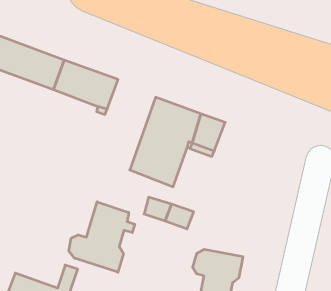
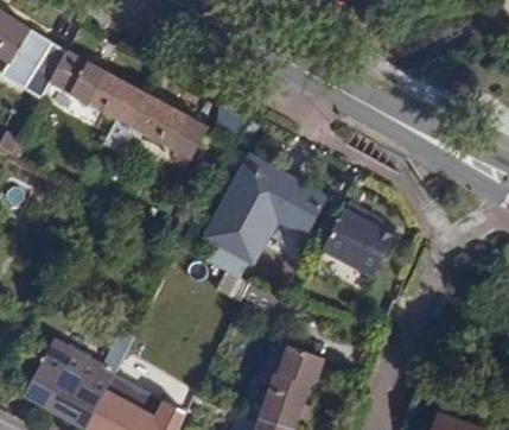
building: none -> [322,203,399,277]
building: [69,202,135,272] -> none

